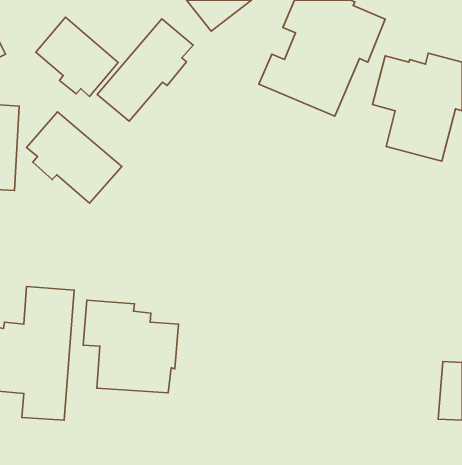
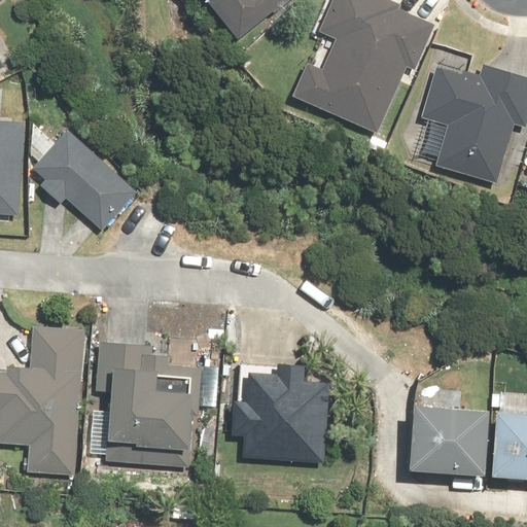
building: [36,17,118,97] -> none
building: [97,19,193,121] -> none
building: none -> [232,359,331,464]
building: none -> [412,402,491,472]

